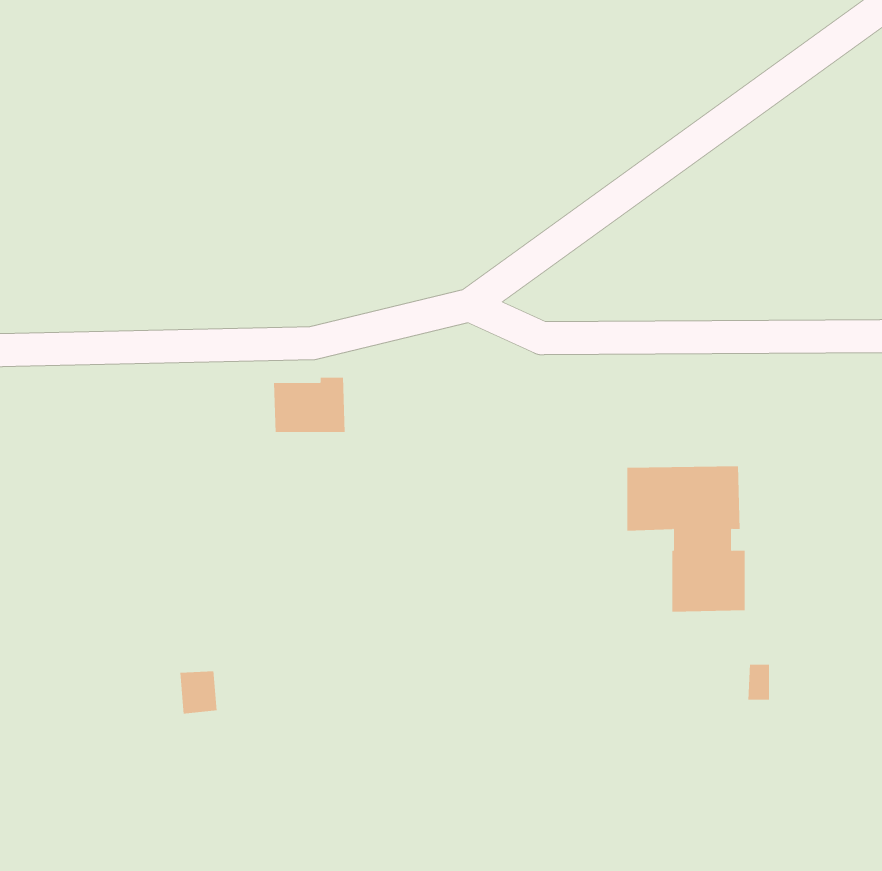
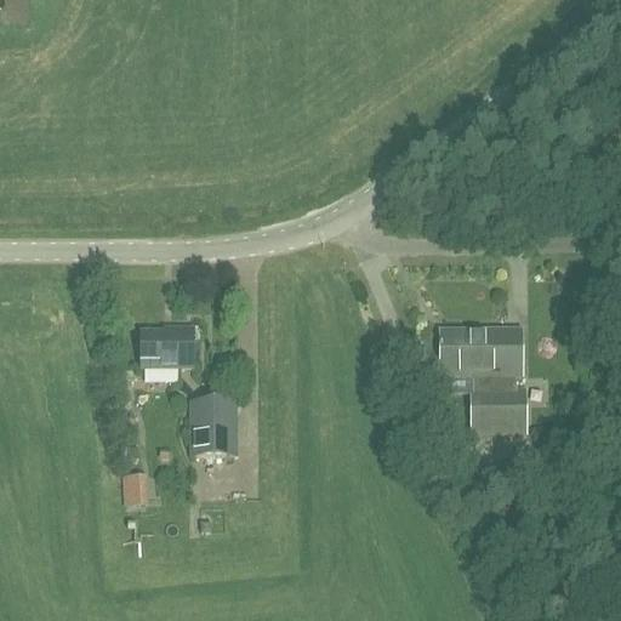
building: [273,377,346,432] -> [141,326,192,365]
building: none -> [192,398,234,454]

